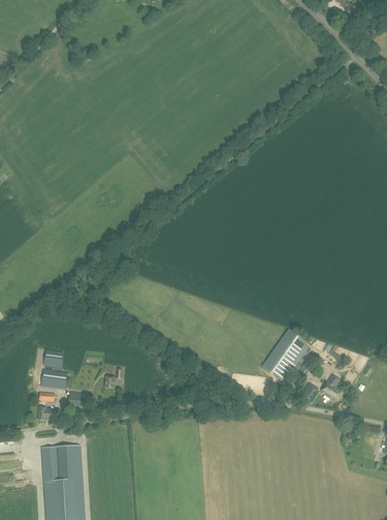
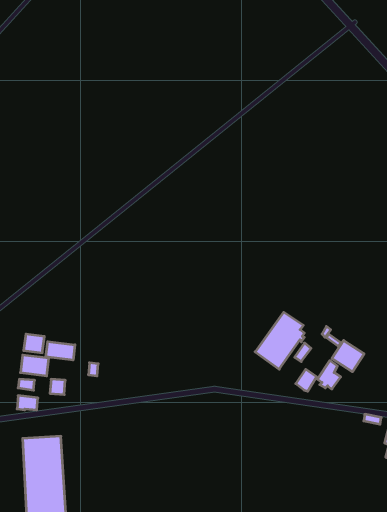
building: none -> [332,340,364,372]
building: none -> [46,342,75,360]

